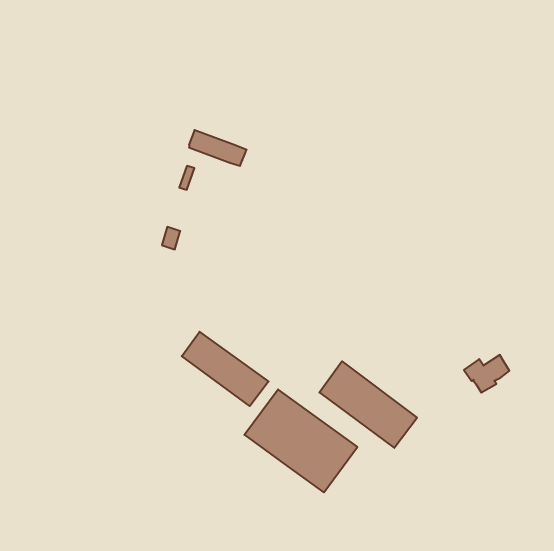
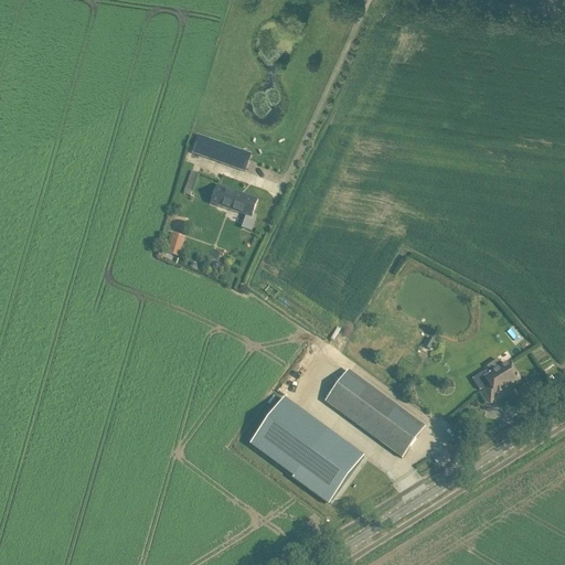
building: none -> [210,182,257,230]
building: [182,332,269,406] -> none

